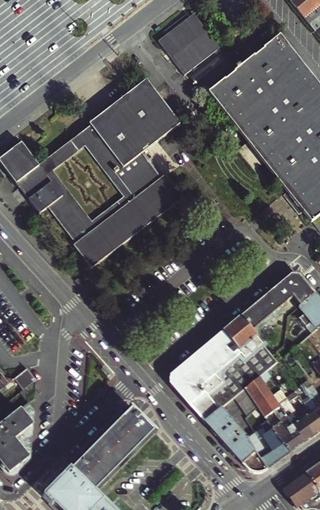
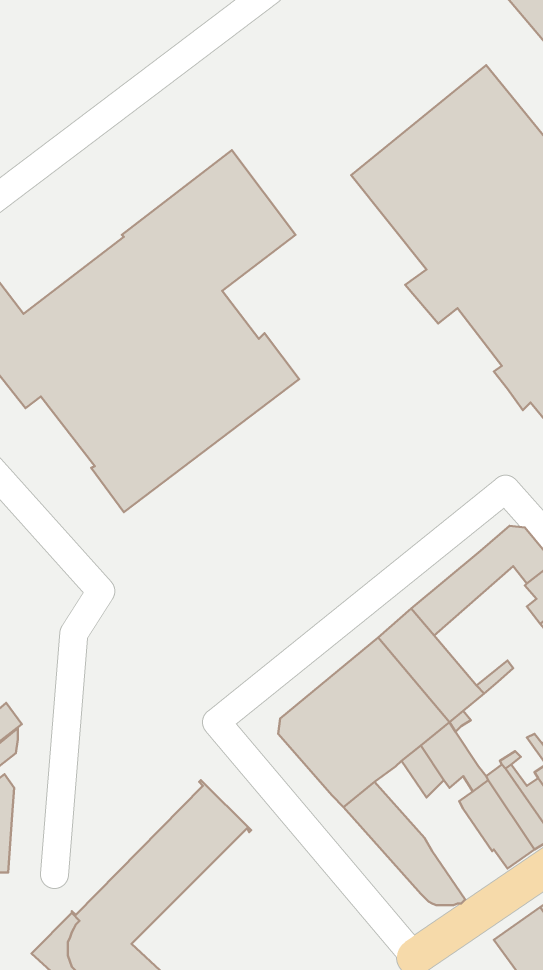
building: [158,12,220,73] -> none
building: [251,420,290,467] -> none

